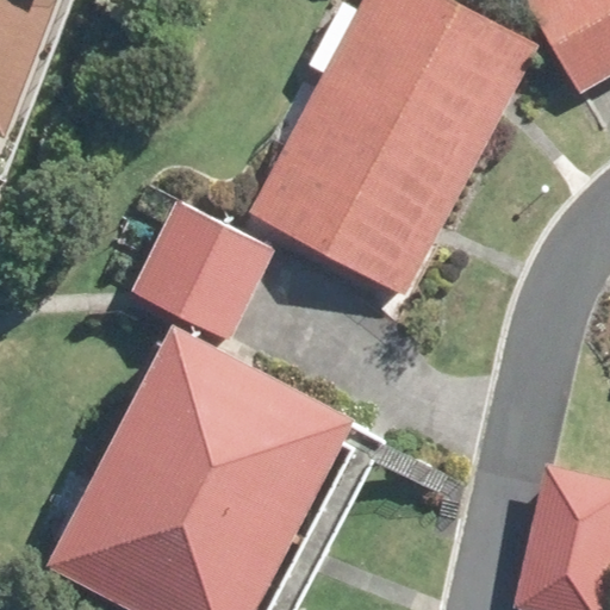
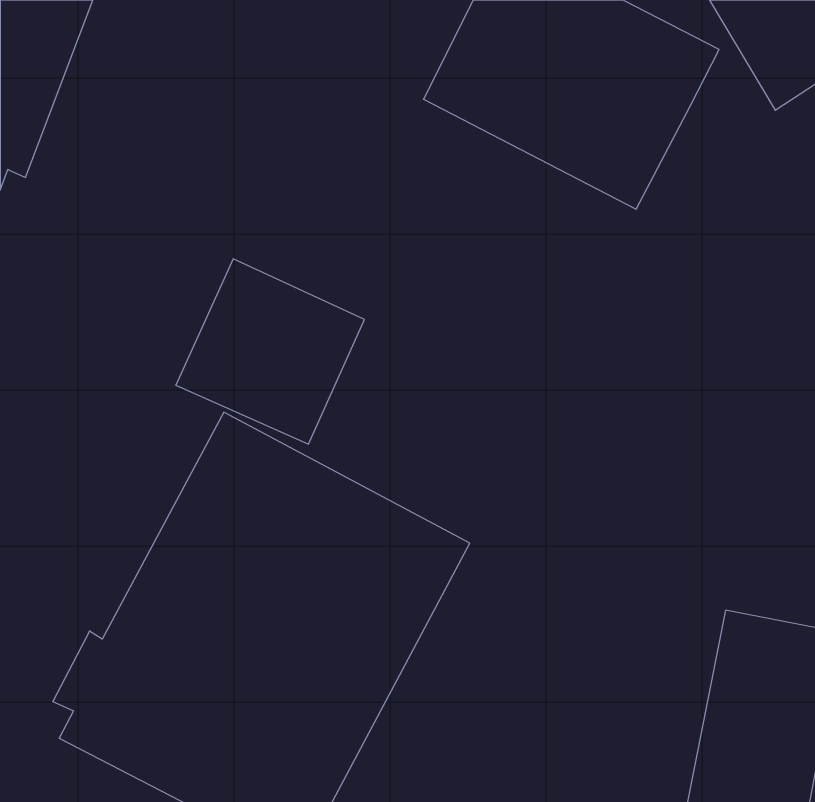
building: [249,85,475,298] -> none

